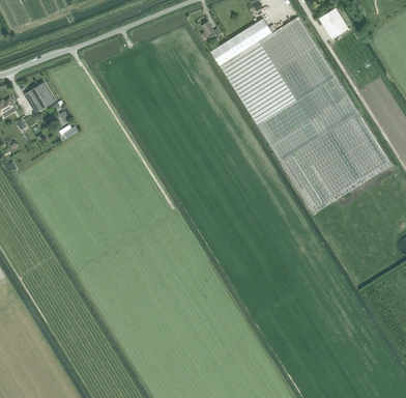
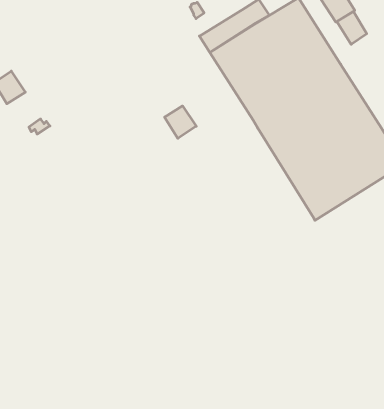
building: none -> [337,12,367,44]
building: none -> [165,106,196,138]

